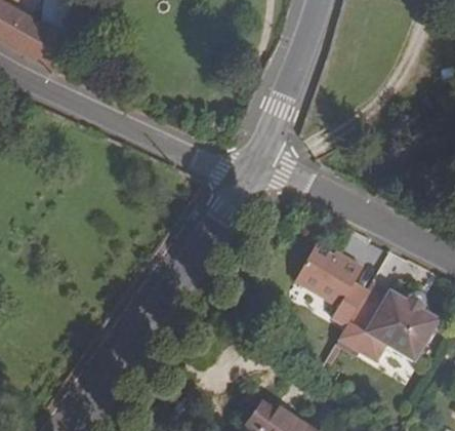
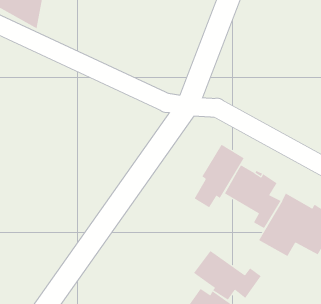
building: none -> [194,144,244,208]
building: none -> [193,250,261,301]

